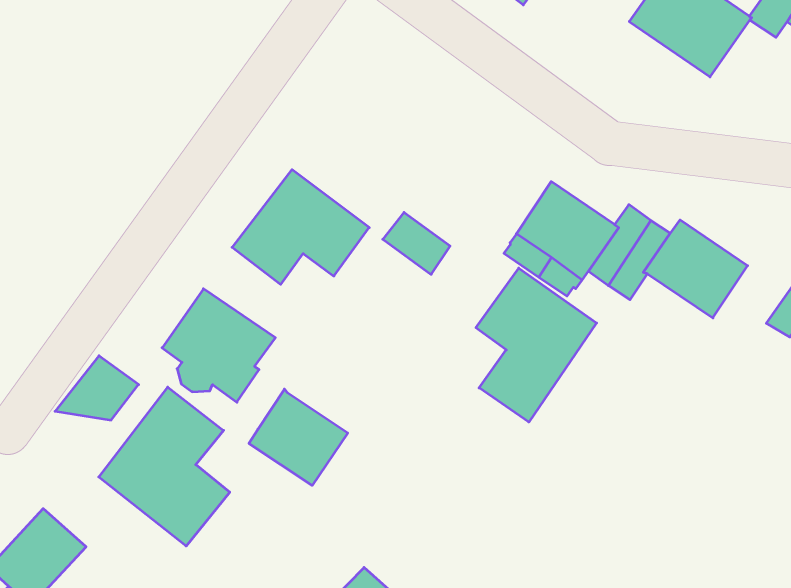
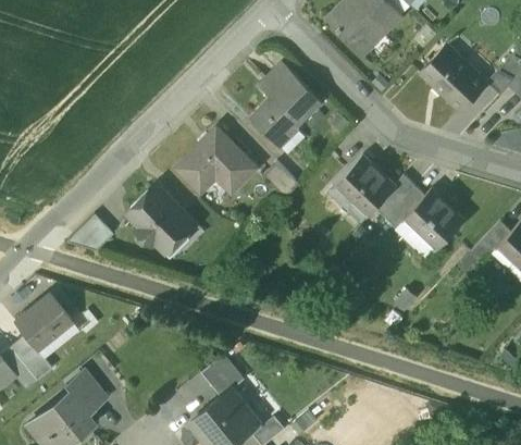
building: none -> [252,62,322,144]
building: [476,268,597,422] -> none
building: [99,387,230,546] -> none
building: [249,389,348,485] -> none

